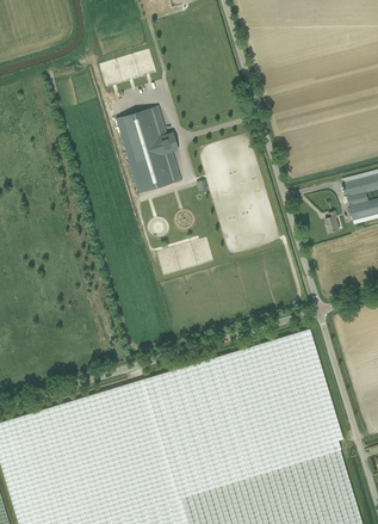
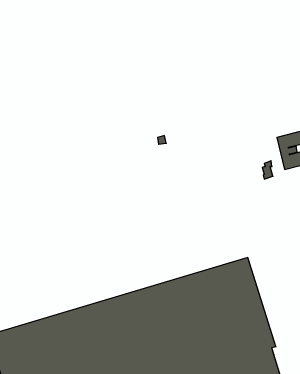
building: [116,107,179,195] -> none

